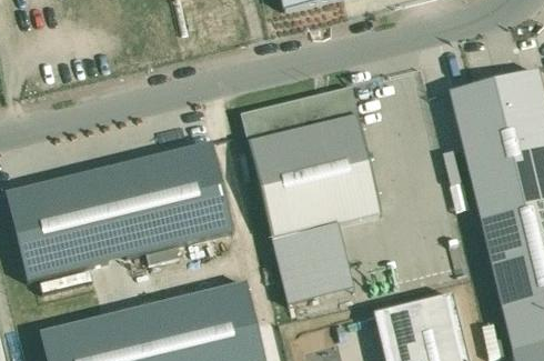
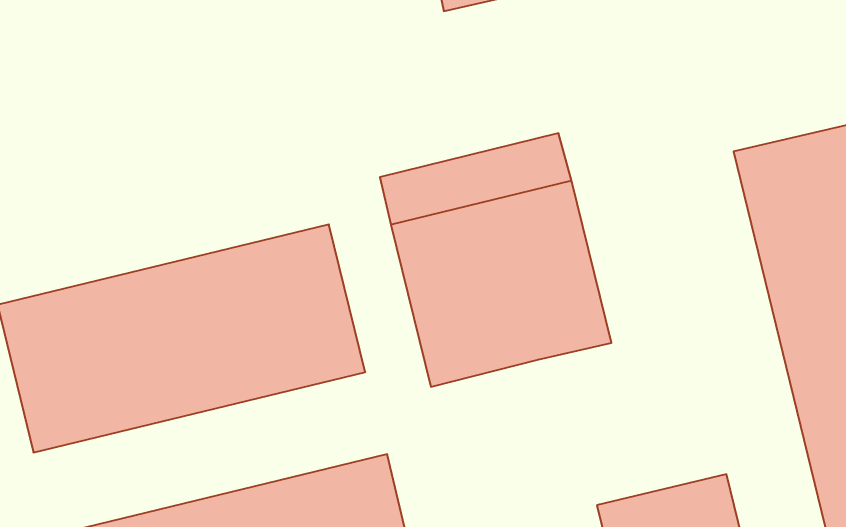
building: [272,222,354,303] -> none

